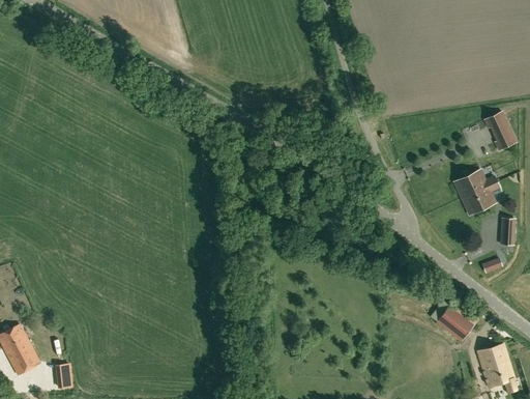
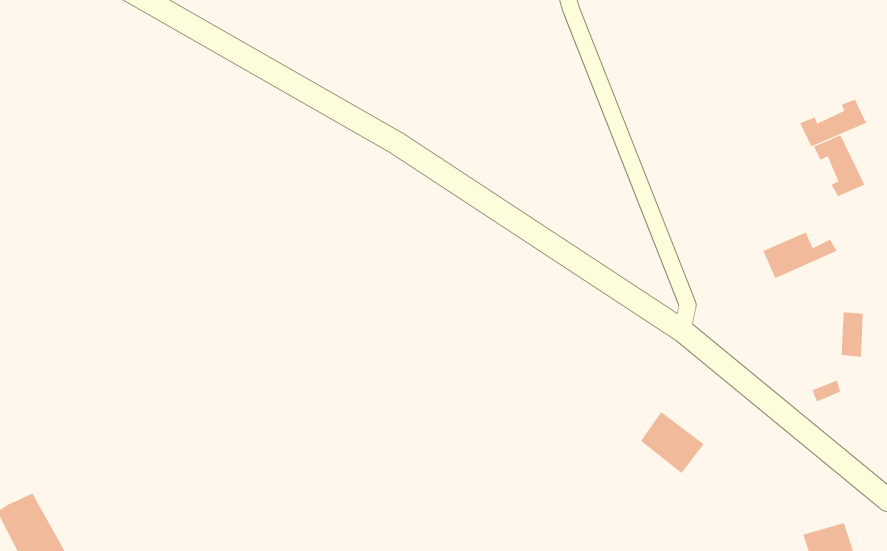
building: none -> [800,99,867,147]
building: [461,181,500,215] -> none
building: [436,304,474,341] -> [640,411,704,474]

